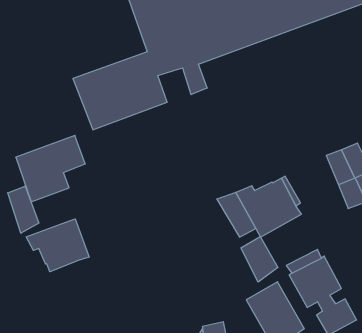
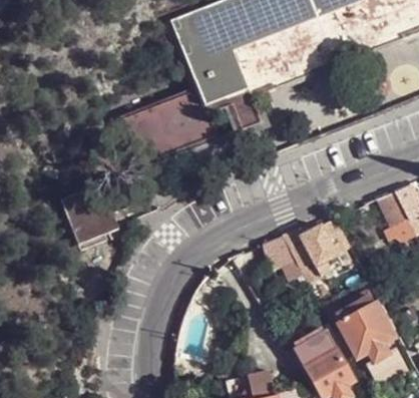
building: [8,186,39,233] -> none
building: [26,219,89,272] -> none
building: [241,237,278,282] -> none

